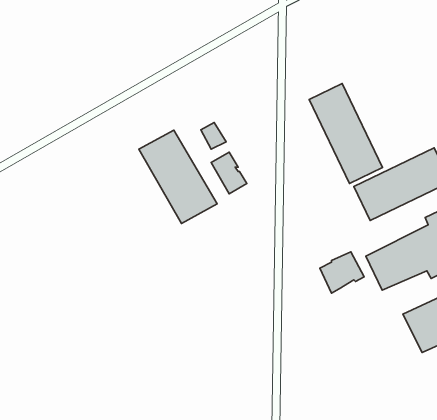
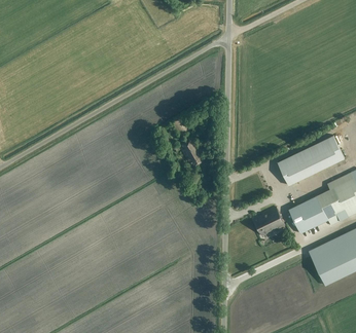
building: [309,84,383,184] -> none
building: [139,130,217,224] -> none

